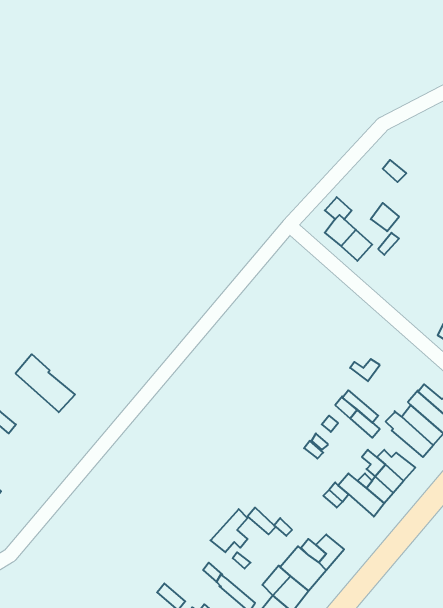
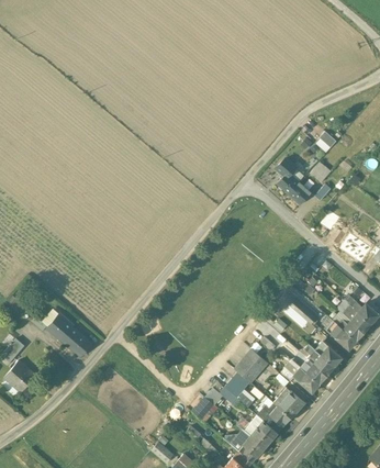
building: [16,354,75,412] -> [49,313,93,356]
building: none -> [235,349,268,382]
building: none -> [275,388,304,417]

